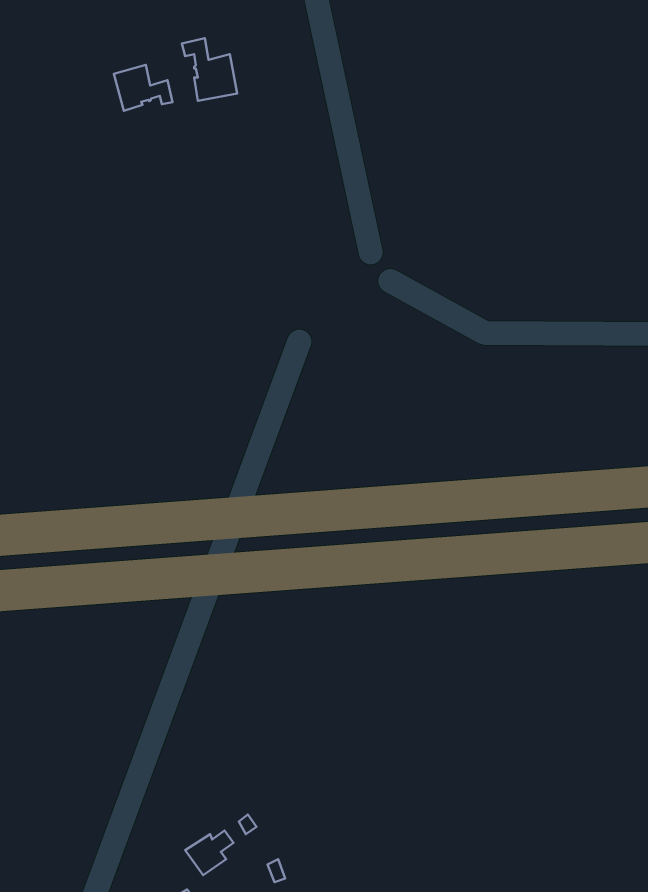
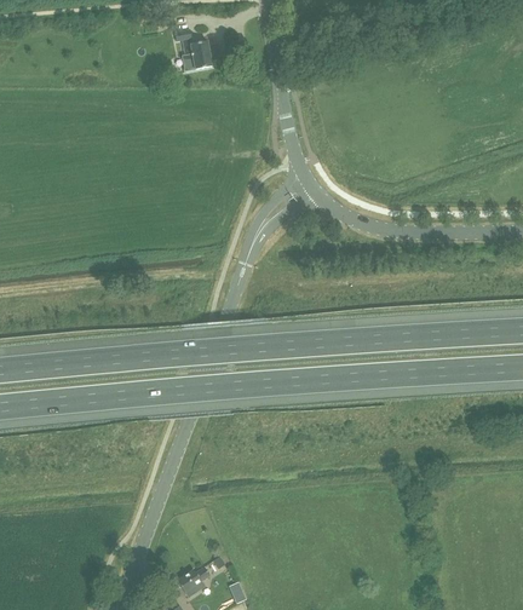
building: [114,65,173,111] -> none

